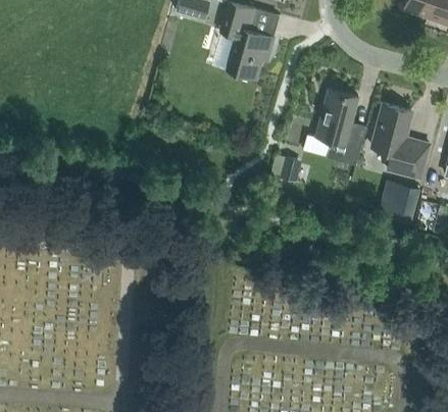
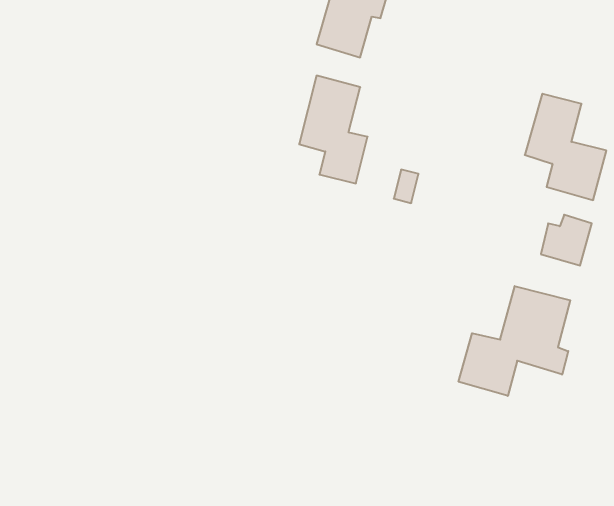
building: [315,89,363,164] -> [299,76,368,183]
building: none -> [459,286,570,396]

